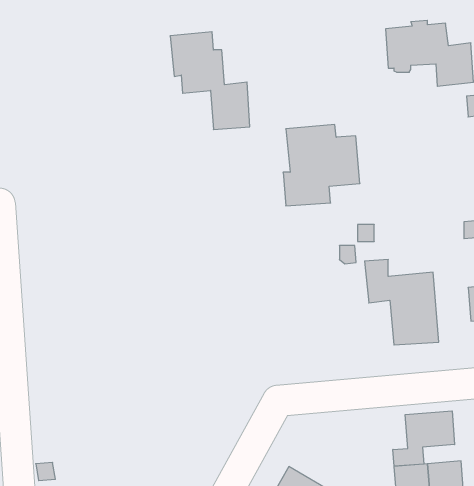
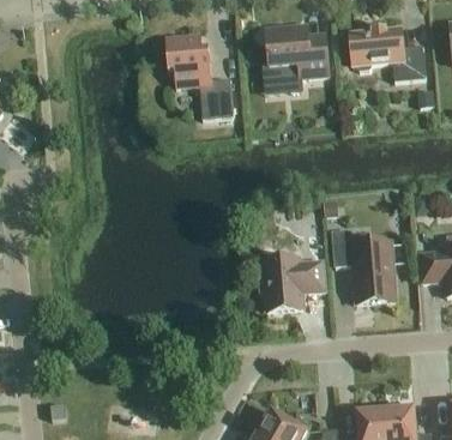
building: [283,125,360,206] -> [263,24,329,94]
building: none -> [258,257,324,311]
building: [393,411,455,466] -> none

